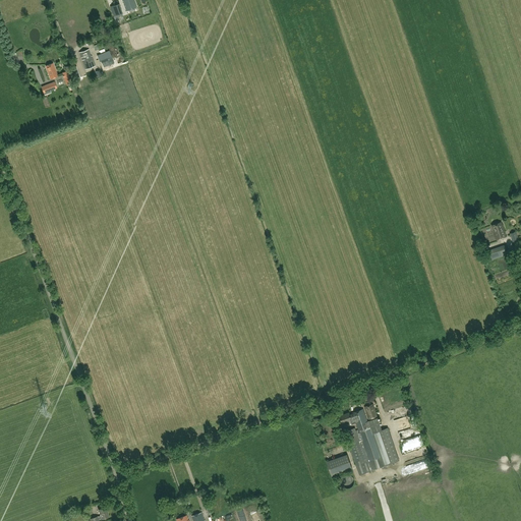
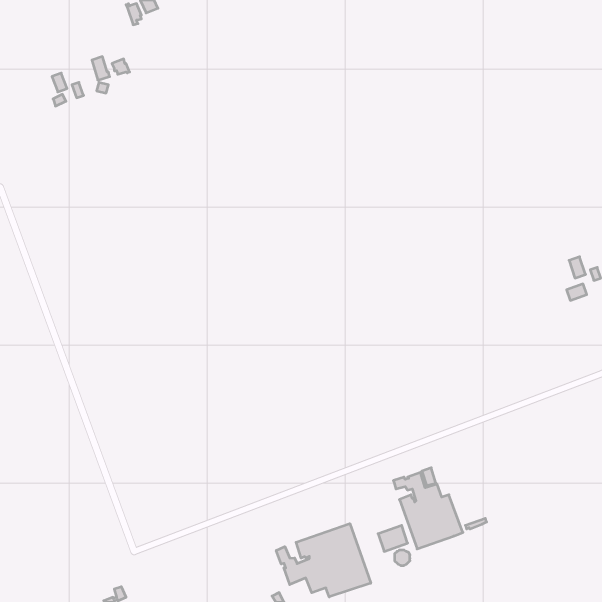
building: none -> [276,524,371,597]

